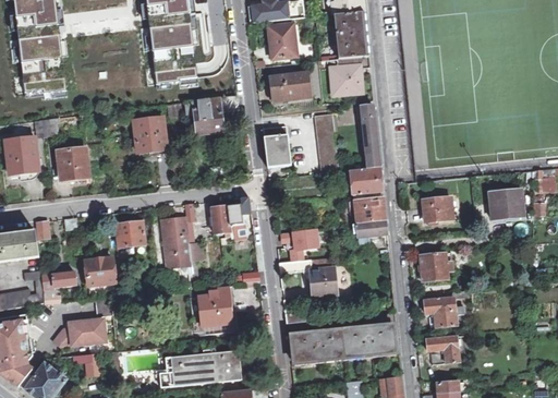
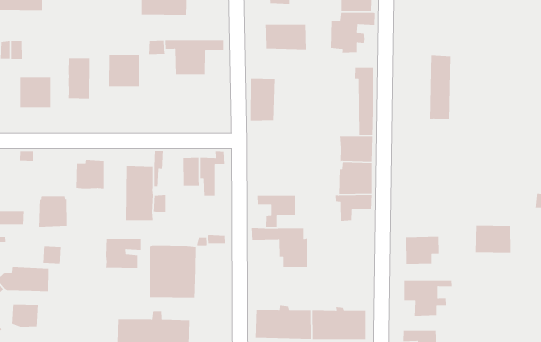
building: [314,113,338,173] -> [429,55,451,120]
building: none -> [68,57,90,99]
building: [489,189,524,217] -> [475,225,511,253]
building: [422,196,452,221] -> none
building: none -> [105,238,141,269]

